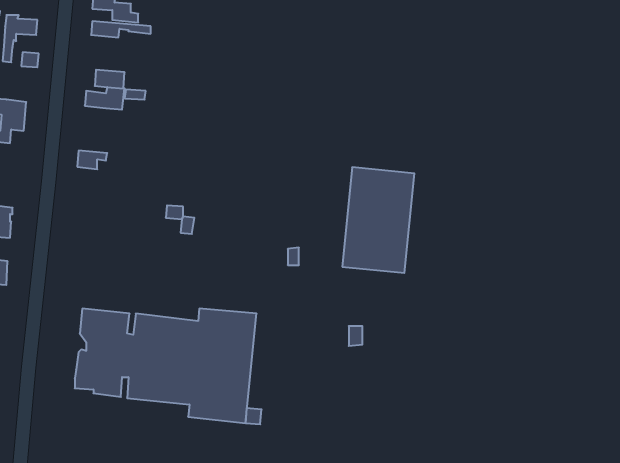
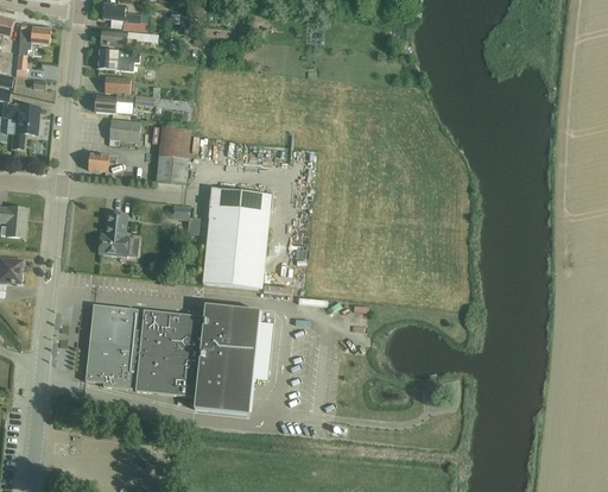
building: none -> [97,49,139,70]
building: none -> [109,119,140,141]
building: none -> [157,127,191,185]
building: [342,167,414,273] -> [202,188,271,289]
building: none -> [99,212,127,256]

